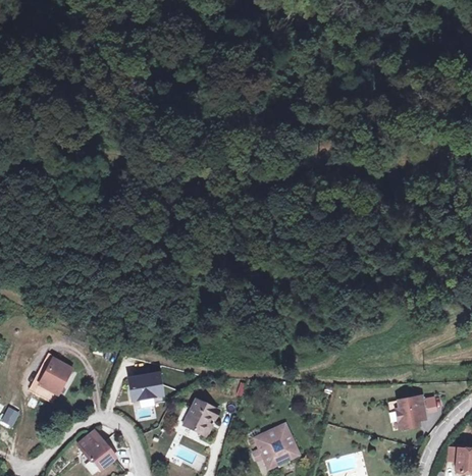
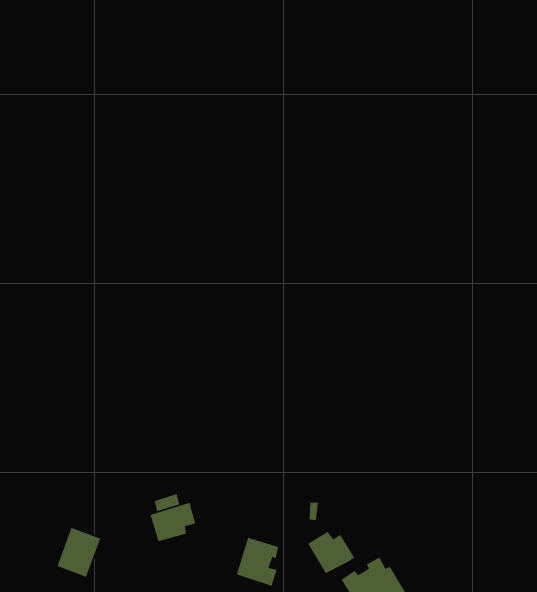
building: [40,357,72,392] -> [56,527,101,578]
building: none -> [307,531,355,574]

